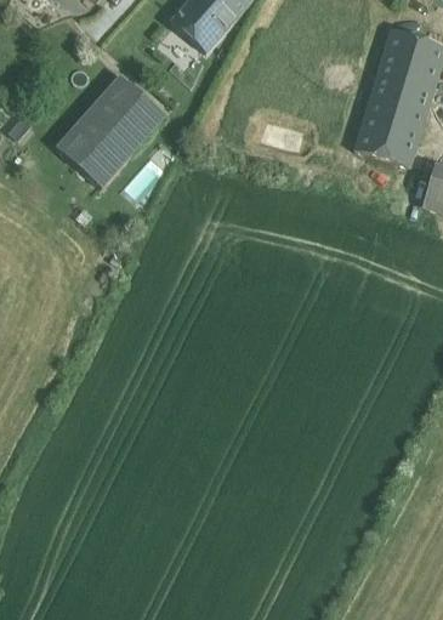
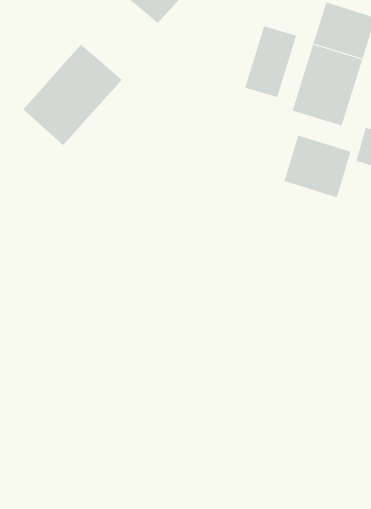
building: none -> [244,26,297,98]
building: none -> [284,135,351,198]

